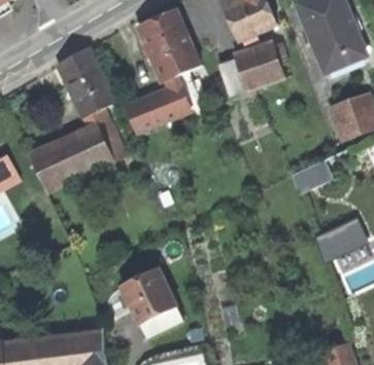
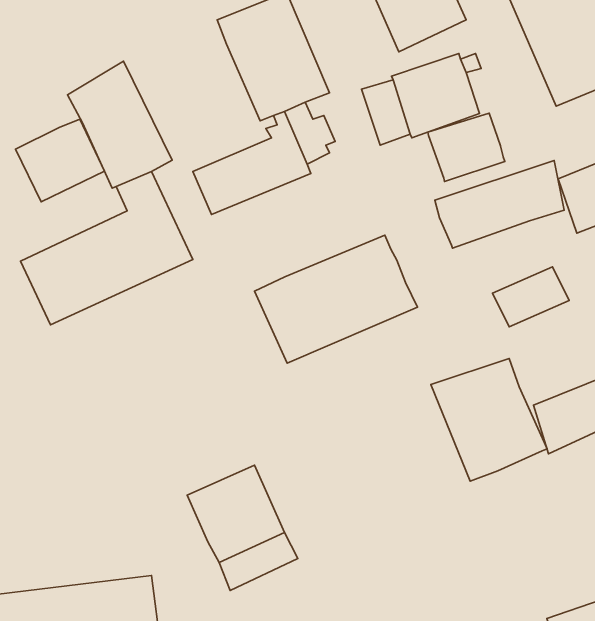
building: none -> [428,113,505,181]
building: none -> [15,119,104,202]
building: none -> [435,161,564,248]
building: none -> [254,235,418,363]
building: none -> [431,359,547,481]

